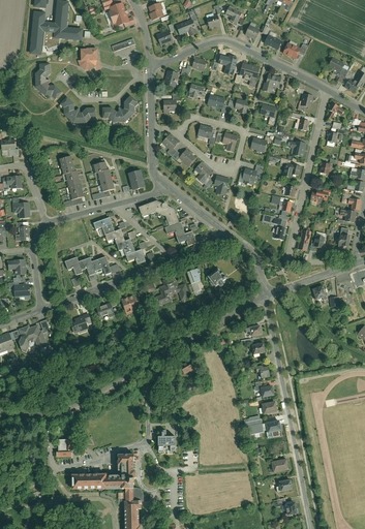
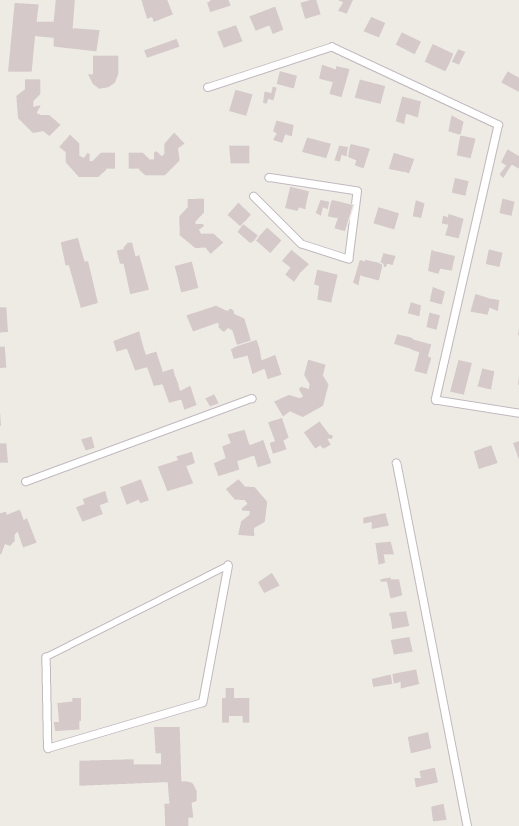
building: none -> [179,198,224,255]
building: none -> [273,359,329,418]
building: [63,254,110,273] -> none
building: none -> [225,478,268,537]

